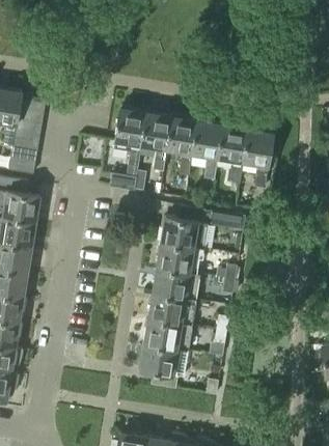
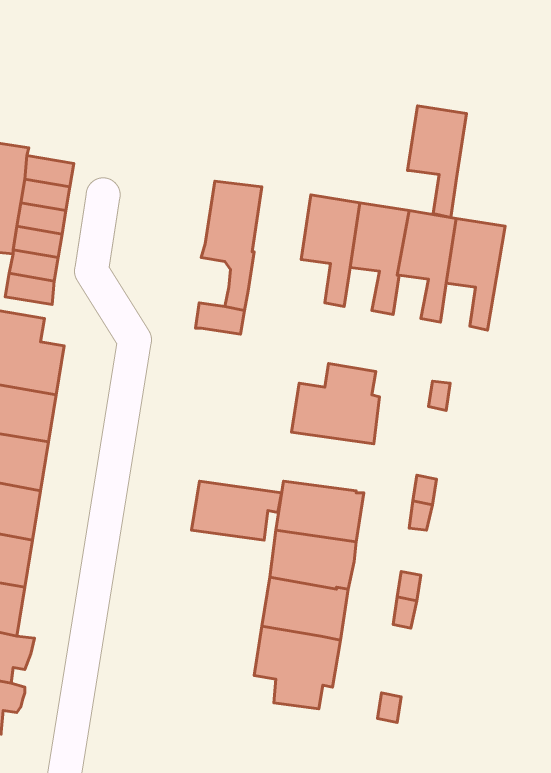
building: [139,112,170,171] -> [408,106,466,217]
building: [156,242,203,273] -> [191,481,282,540]

